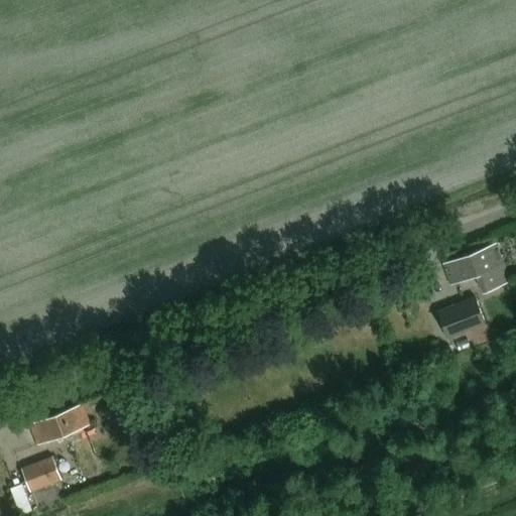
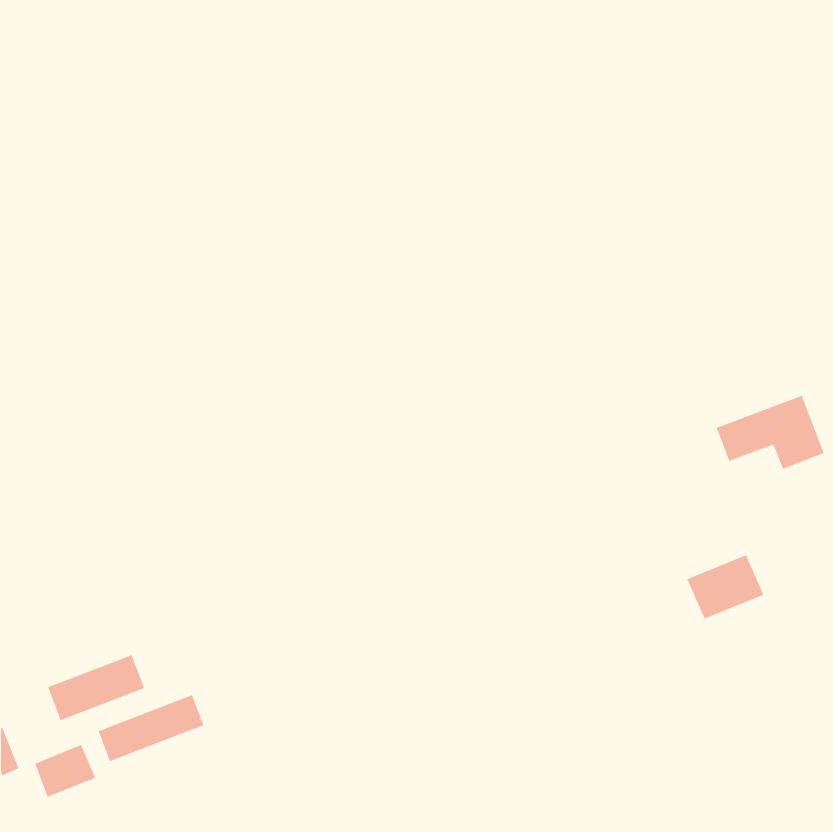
building: [435,298,484,339] -> [686,554,764,620]
building: none -> [97,694,205,762]

